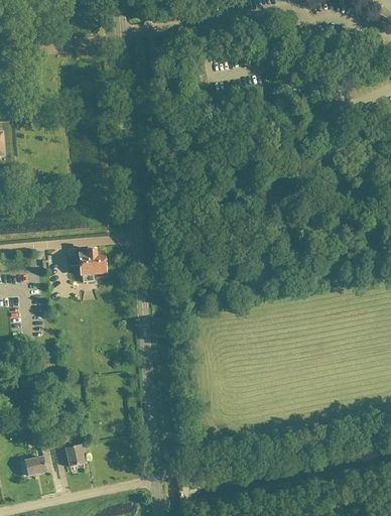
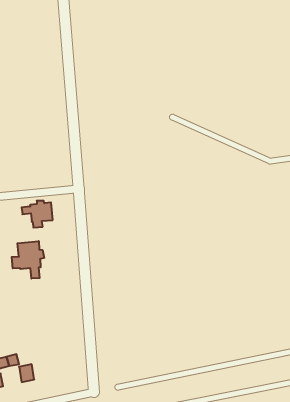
building: none -> [12,241,44,279]

